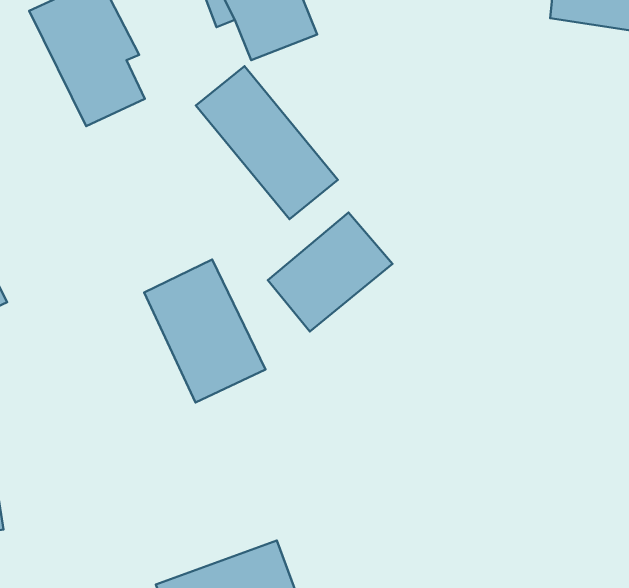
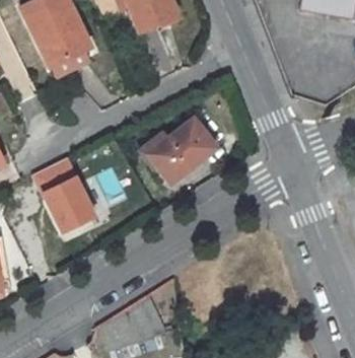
building: [196,66,338,219] -> none
building: [144,259,265,402] -> [30,156,97,235]

